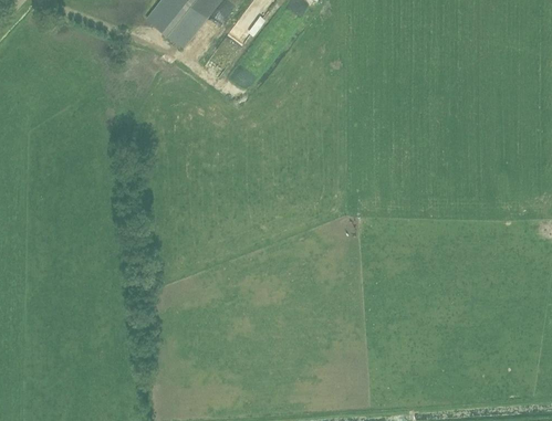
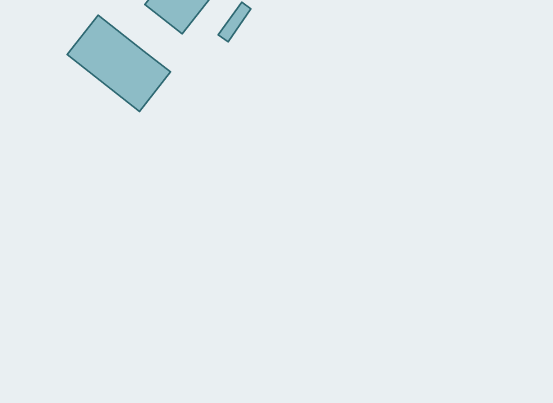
building: none -> [67,15,170,112]

